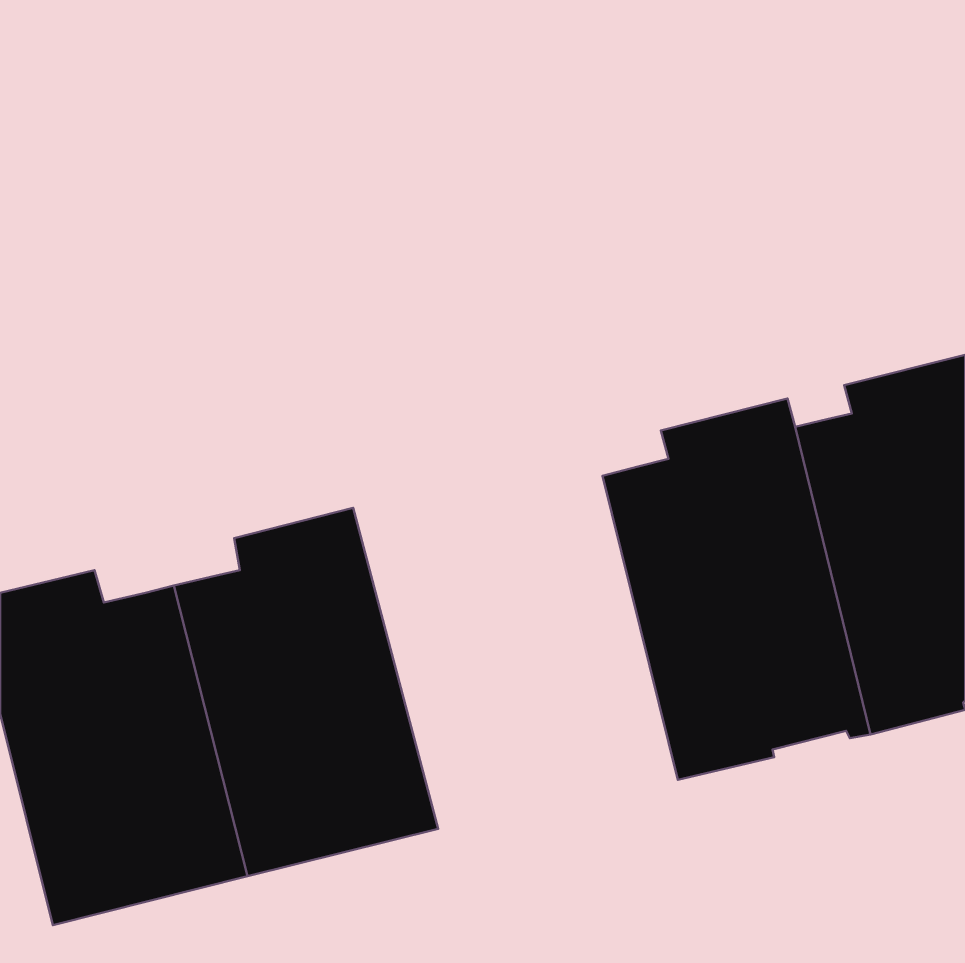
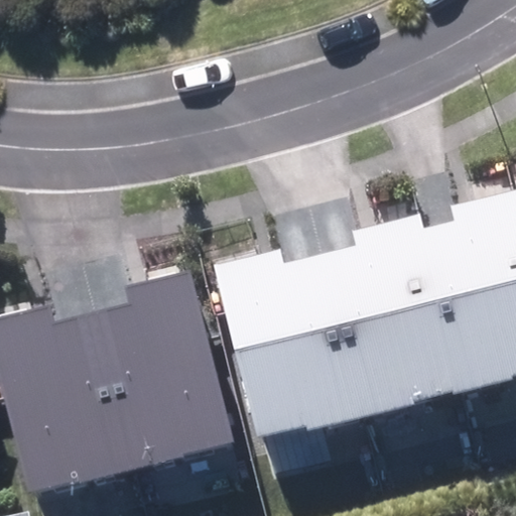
building: none -> [213,248,362,439]

